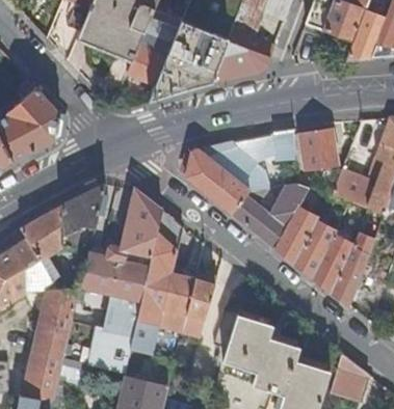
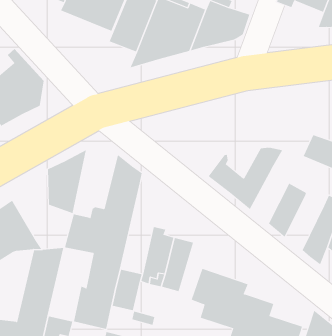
building: [186,129,295,213] -> none
building: [300,130,337,168] -> none
building: [21,206,63,280] -> none
building: [275,206,318,263] -> none
building: [139,220,183,316] -> none
building: [312,234,352,291] -> none

